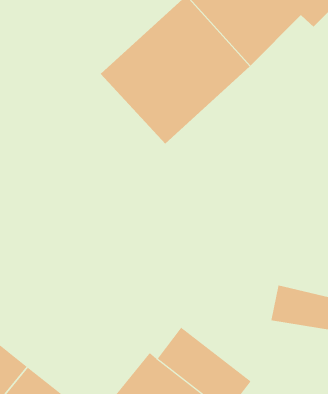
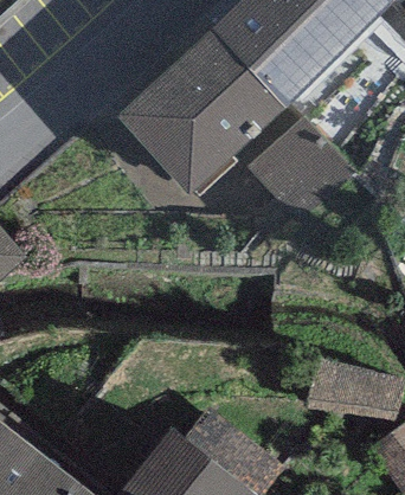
building: none -> [246,115,355,224]

